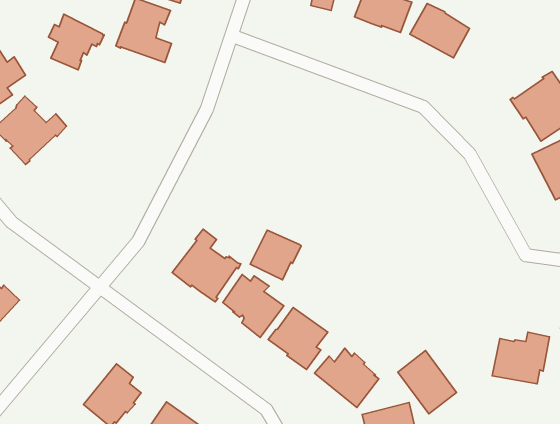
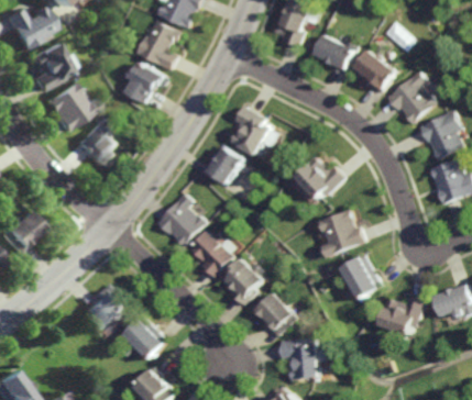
building: [48,14,104,70] -> [125,60,166,102]
building: none -> [384,70,435,124]
building: none -> [231,105,271,154]
building: none -> [72,122,113,167]
building: none -> [296,156,345,198]
building: none -> [318,210,366,257]
building: [250,230,301,280] -> [206,144,244,181]
building: [398,351,456,414] -> [343,254,384,300]

